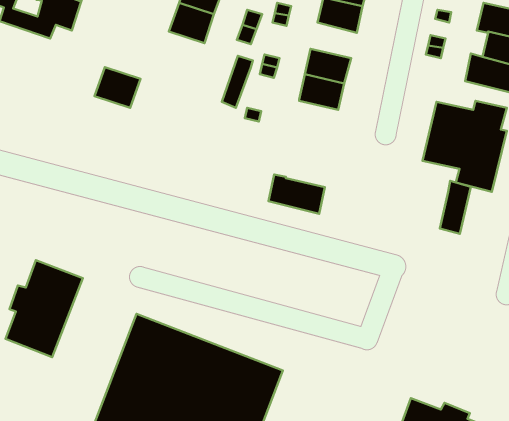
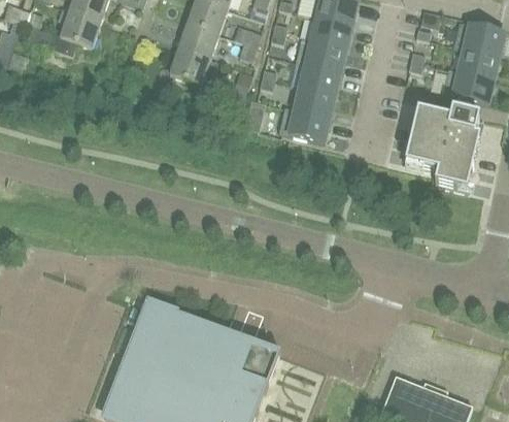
building: none -> [296,35,346,70]
building: [95,67,141,108] -> [169,46,210,83]
building: [268,175,325,214] -> [279,105,330,140]
building: [440,181,471,234] -> none
building: [6,260,83,357] -> none

